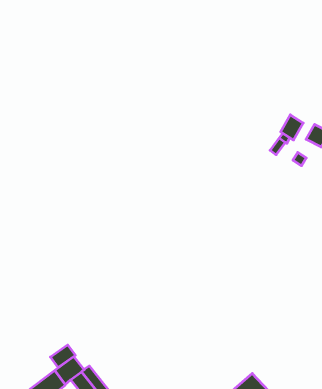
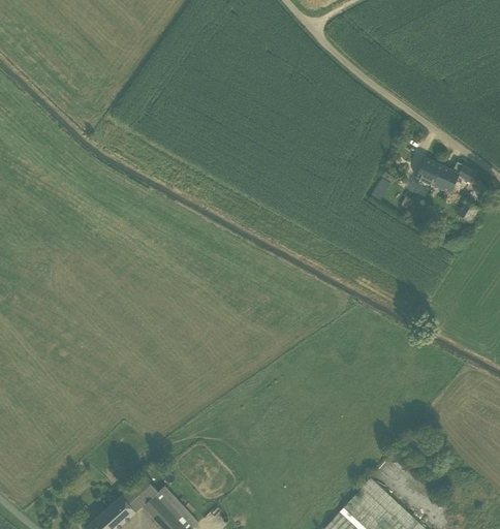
building: [281,115,303,140] -> none
building: [50,345,75,367] -> none

